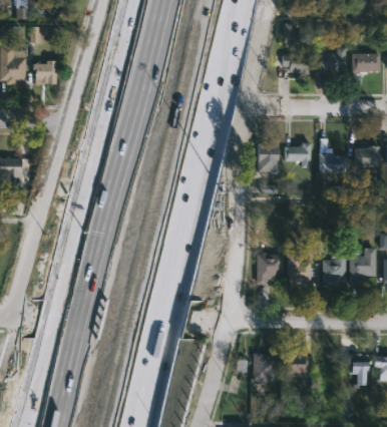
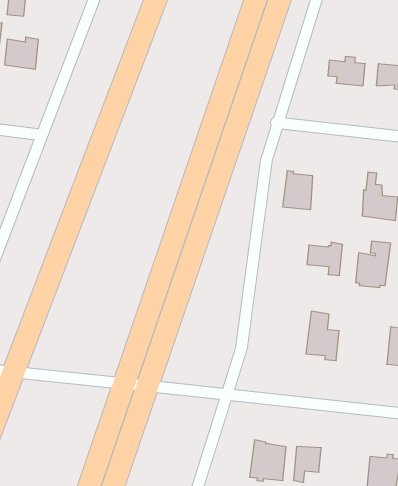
building: [285,142,311,167] -> [307,242,343,276]
building: [323,250,347,285] -> [356,241,391,288]
building: [257,253,284,286] -> none

